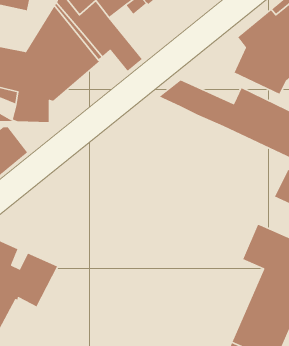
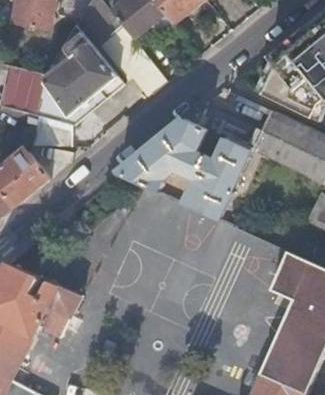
building: none -> [117,119,252,220]

